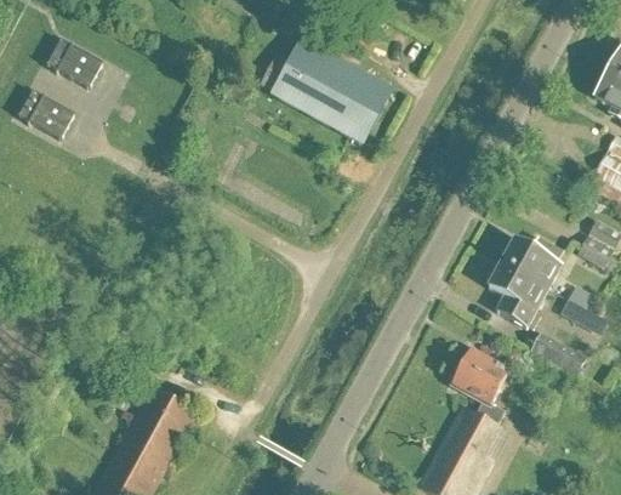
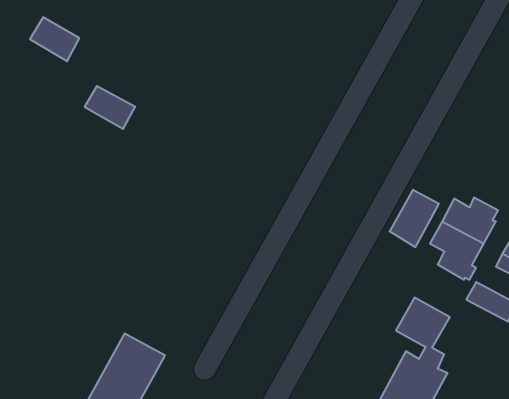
building: [256,41,391,144] -> none
building: [18,91,74,138] -> [85,86,135,129]
building: none -> [390,190,439,247]

